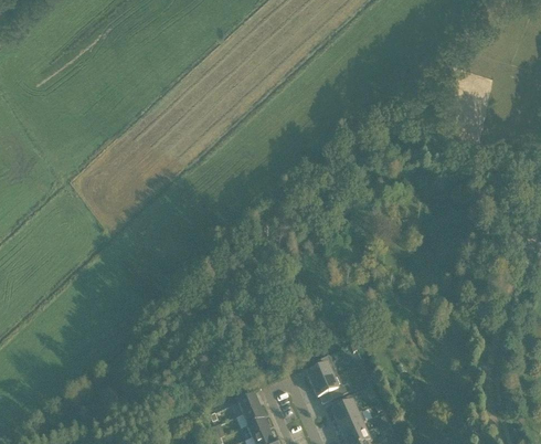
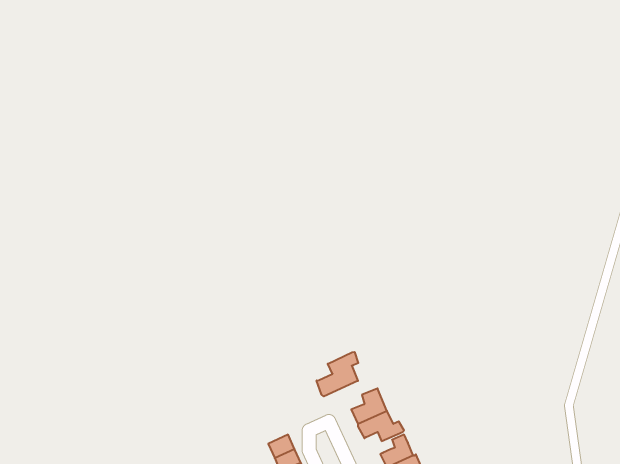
building: none -> [317,352,358,396]

